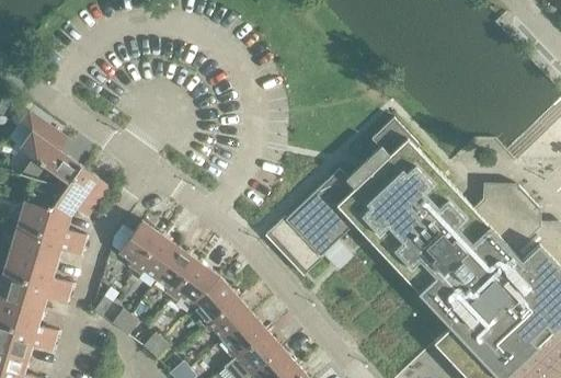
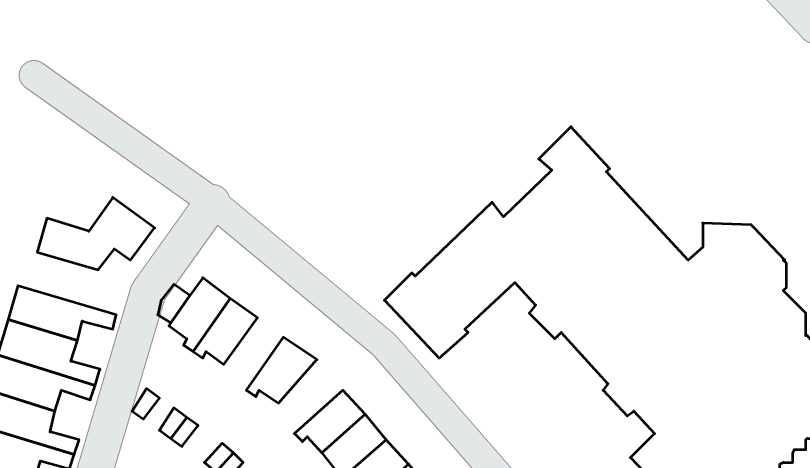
building: [21,112,81,190] -> none
building: [16,202,87,247] -> none
building: [157,249,197,298] -> none
building: [194,277,238,328] -> none

